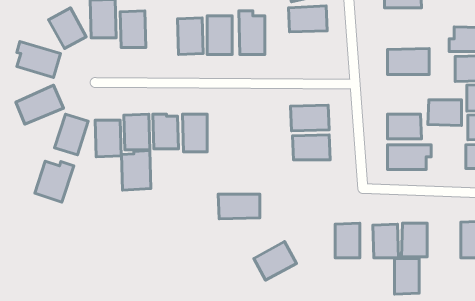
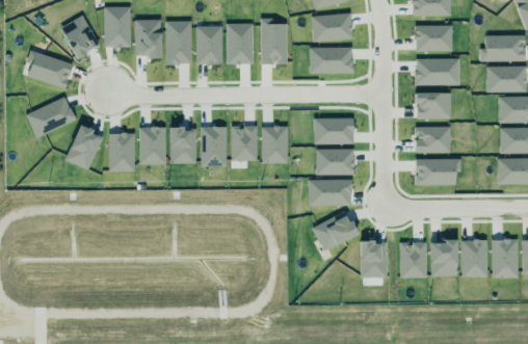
building: none -> [166,21,192,64]
building: none -> [416,25,452,52]
building: none -> [310,47,352,73]
building: [428,100,461,126] -> [416,92,451,120]
building: none -> [232,126,258,161]
building: none -> [262,126,288,163]
building: [121,151,151,190] -> none
building: [35,161,74,202] -> none
building: [218,194,260,219] -> [309,180,352,206]
building: [254,242,296,280] -> [313,211,358,252]
building: [394,258,419,294] -> [461,240,487,277]

